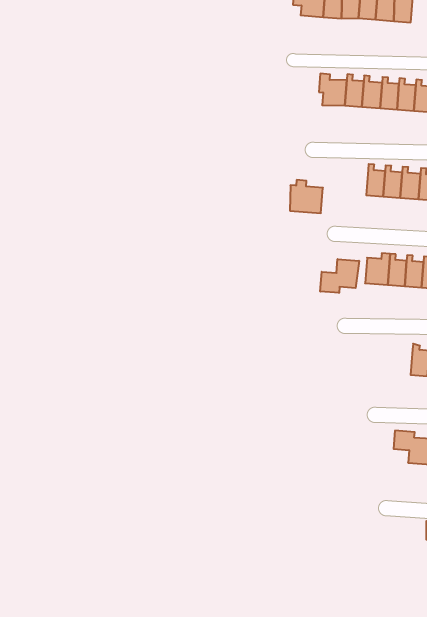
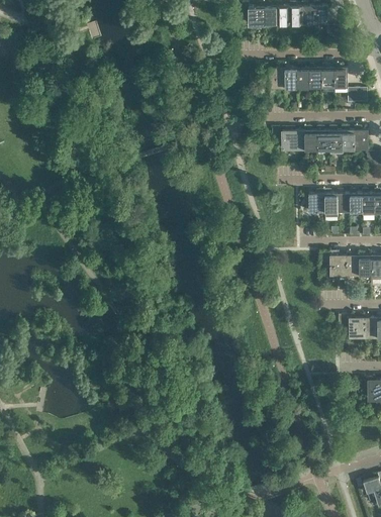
building: [290,180,323,213] -> [282,128,305,150]
building: [320,259,359,293] -> none
building: none -> [322,252,347,276]

